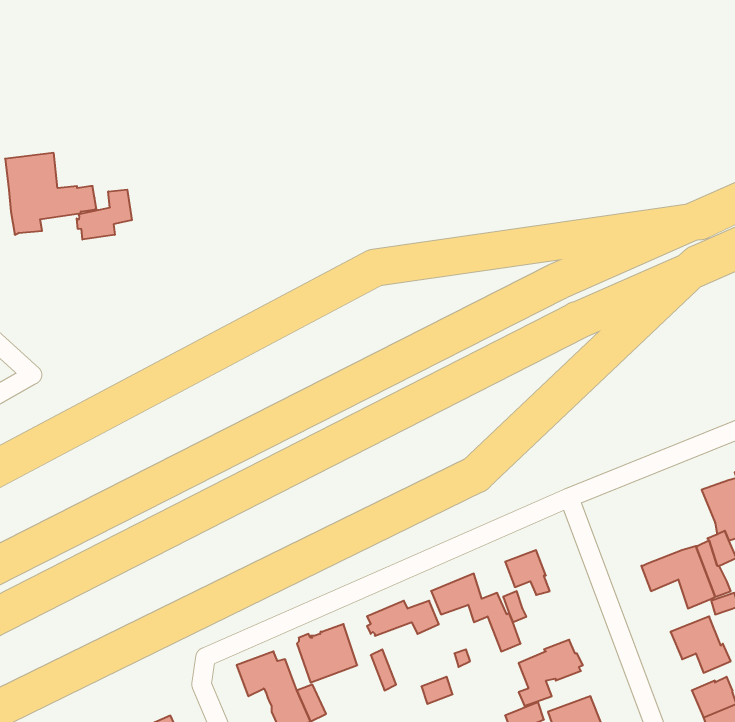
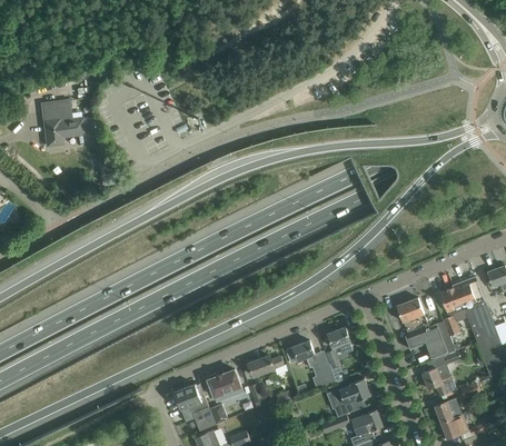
building: [77,190,132,240] -> none
building: none -> [396,298,428,335]

